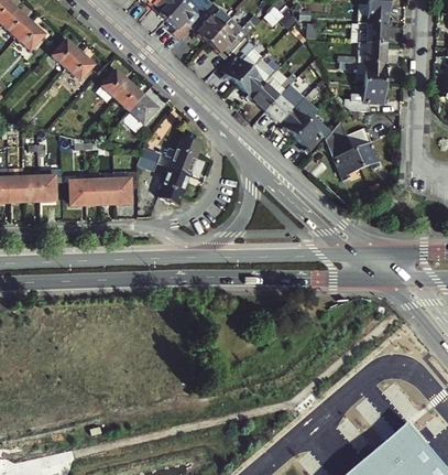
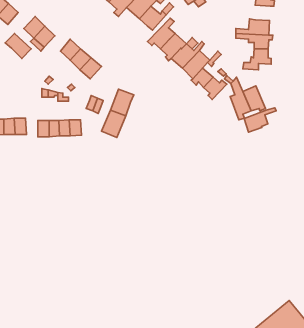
building: [359,23,387,44] -> none
building: none -> [5,34,31,58]
building: none -> [244,108,276,132]

